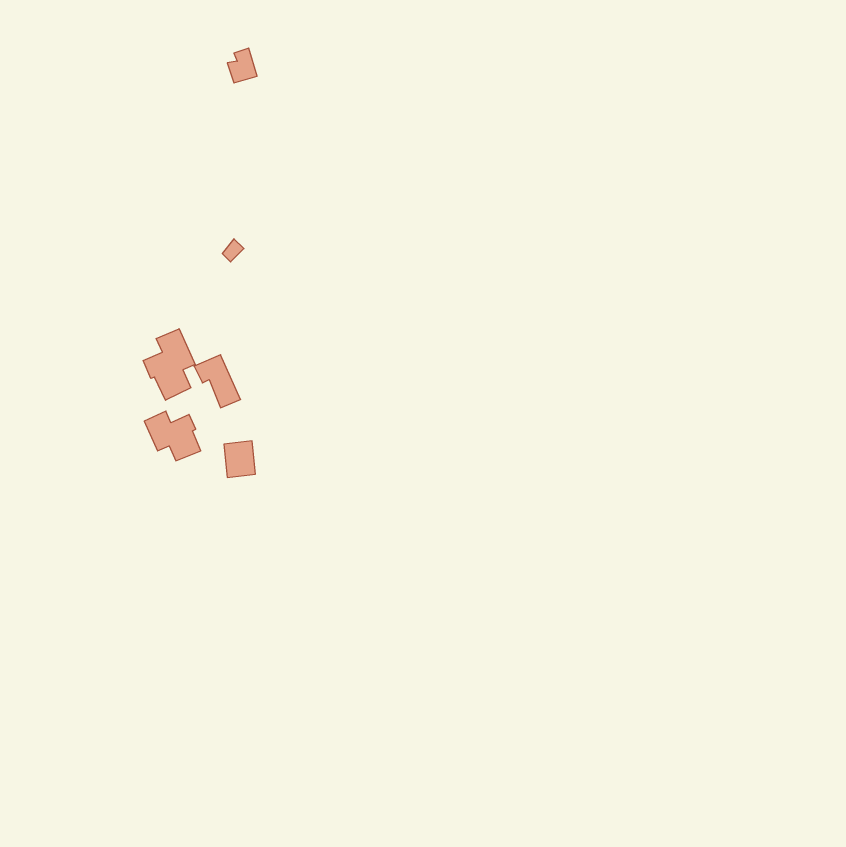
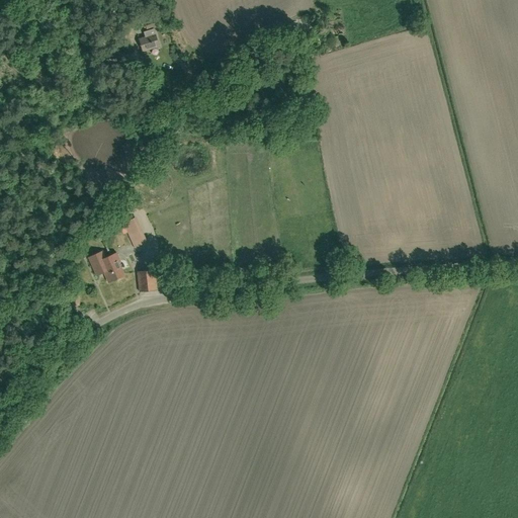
building: [143,329,195,400] -> none

